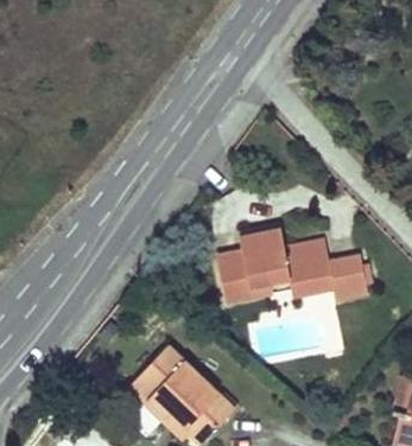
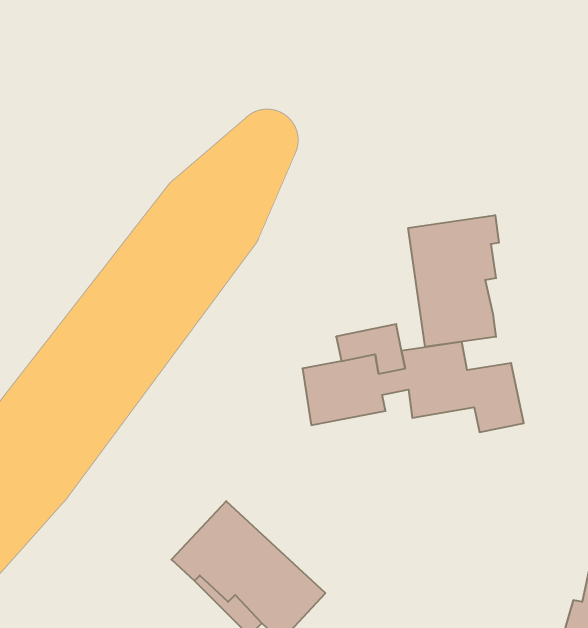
building: none -> [408,215,499,347]

